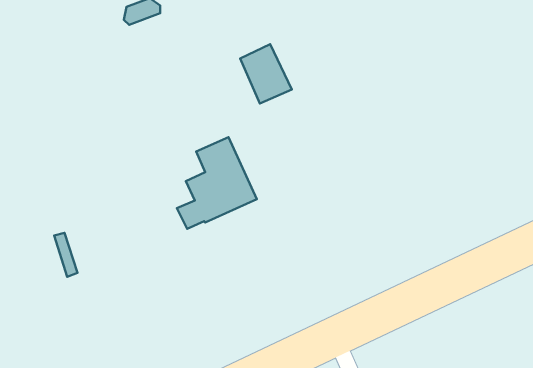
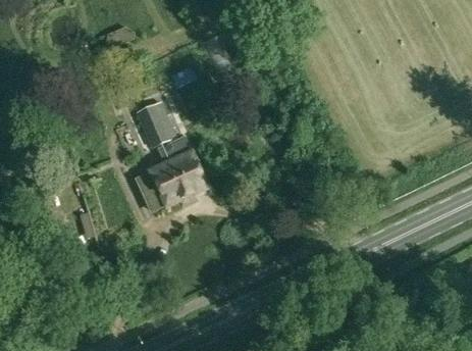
building: [240,44,292,104] -> [137,101,177,148]

